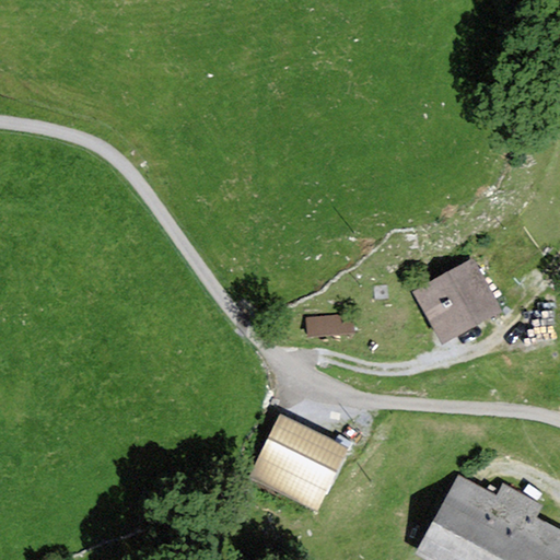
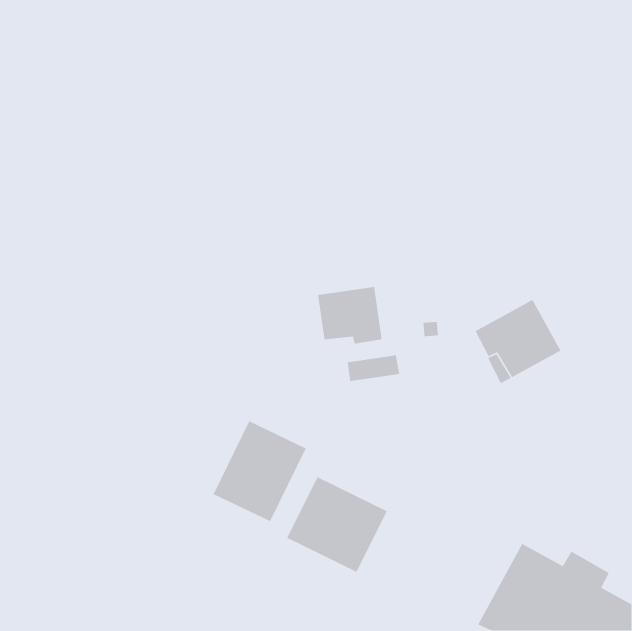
building: none -> [317,286,383,345]
building: none -> [212,420,307,522]

